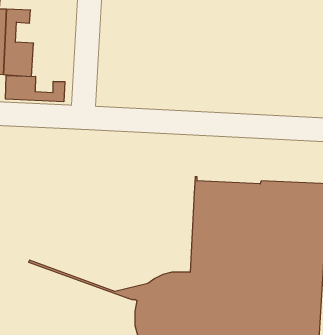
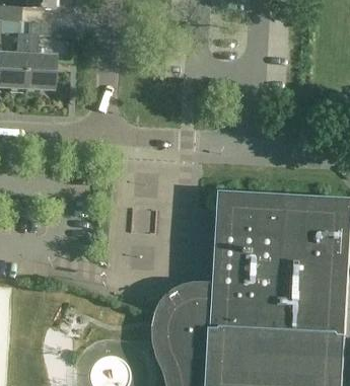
building: [6,76,65,102] -> none

